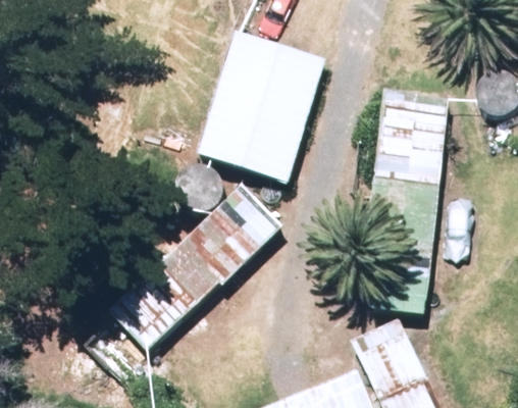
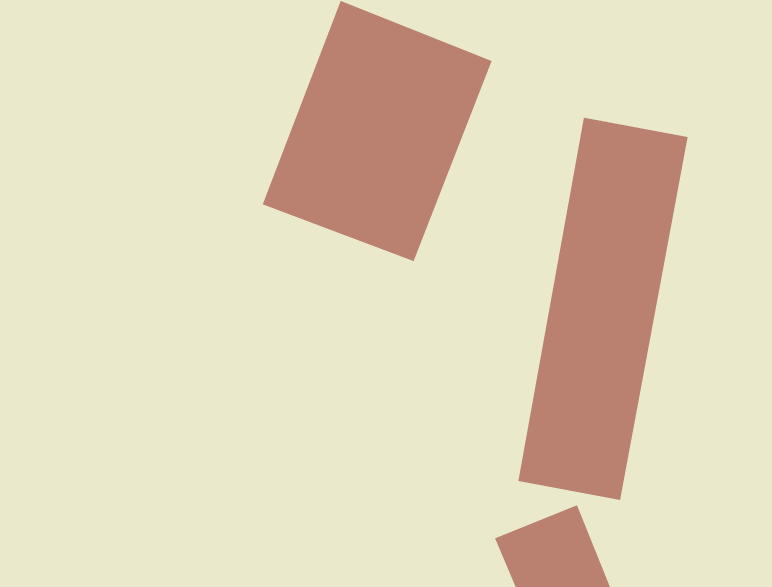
building: [110,184,281,351] -> none

